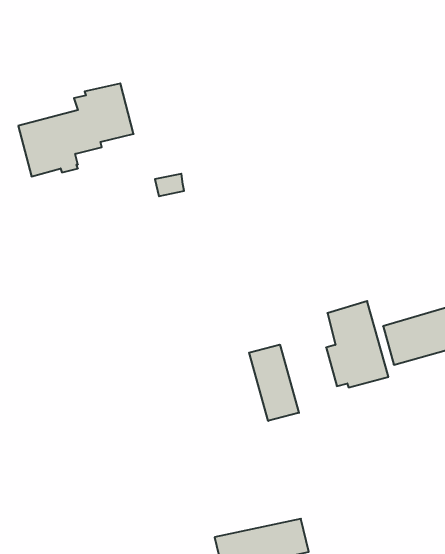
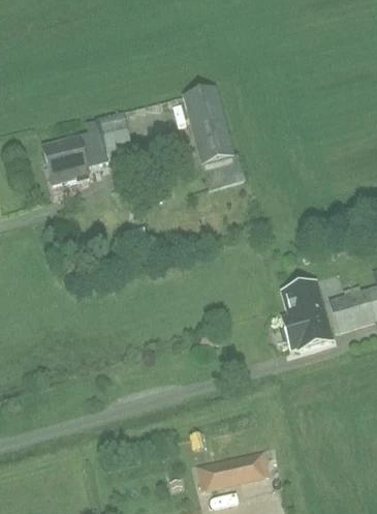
building: none -> [184,88,234,164]
building: [249,345,299,421] -> none

